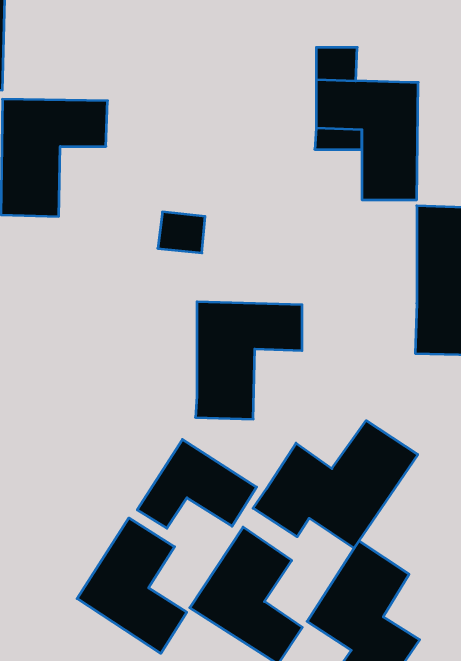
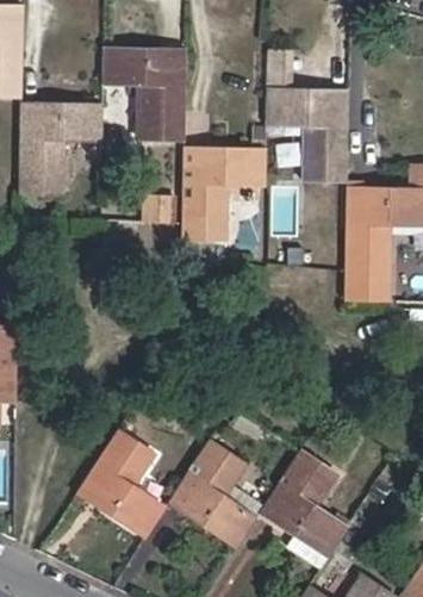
building: none -> [102,48,183,141]
building: [195,302,302,419] -> [181,148,265,240]
building: [253,421,418,548] -> none
building: [137,439,257,528] -> none

